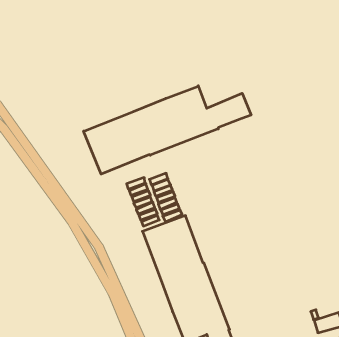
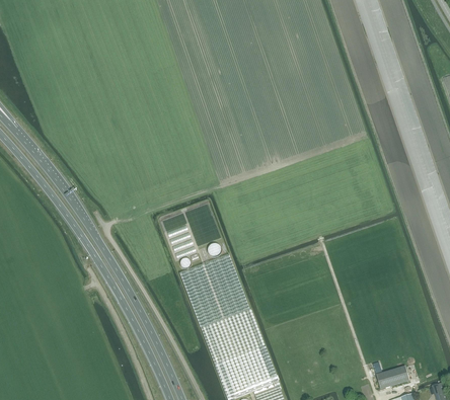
building: [84,86,251,174] -> none

